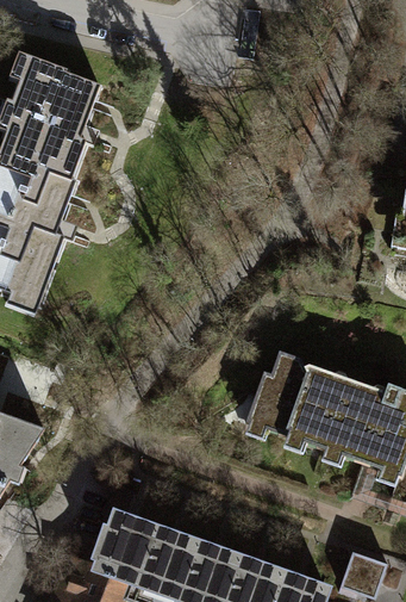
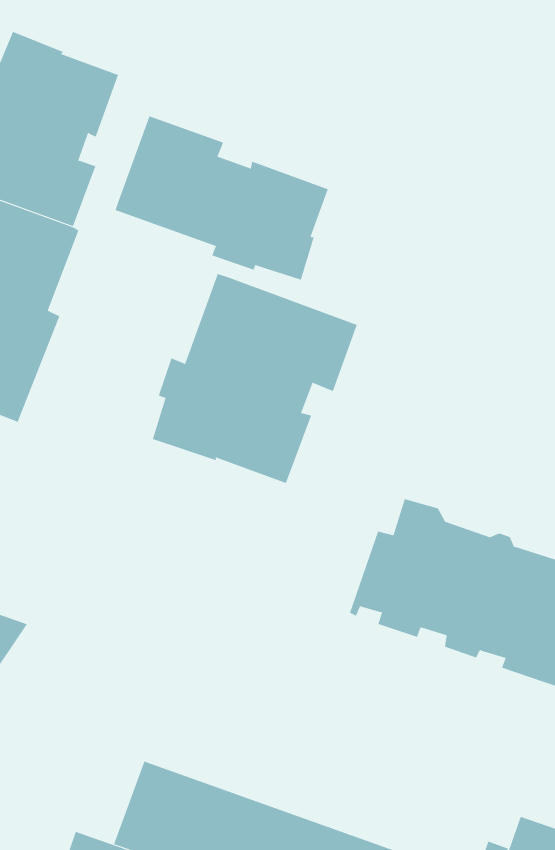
building: none -> [115,116,328,281]
building: none -> [152,273,357,484]

